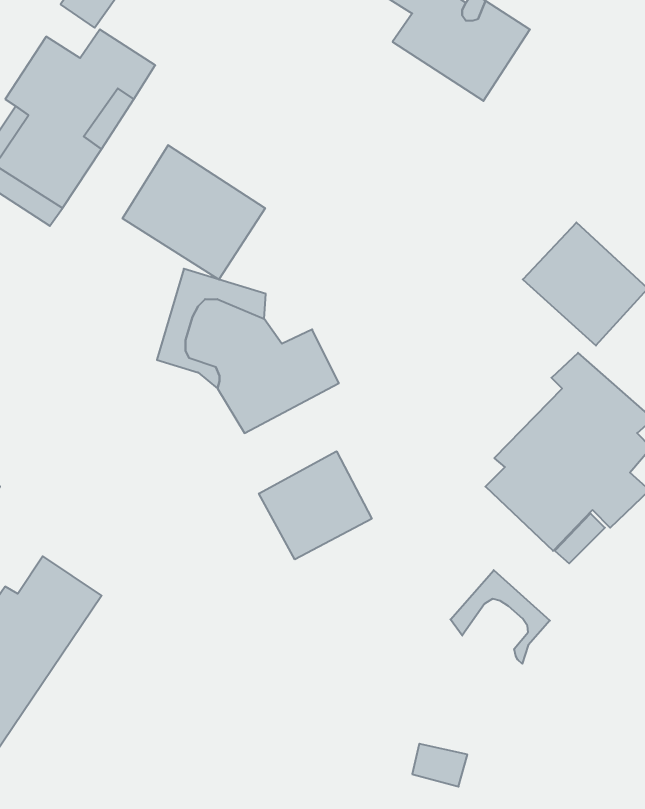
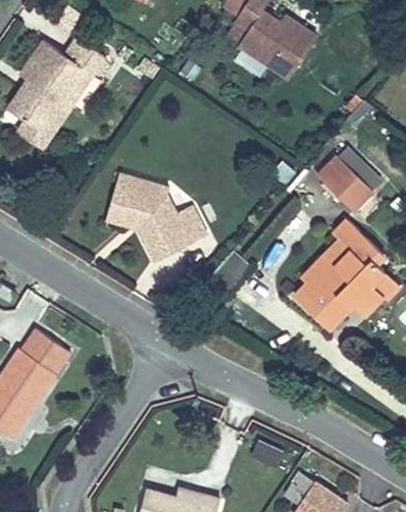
building: [123,145,265,280] -> none
building: [259,451,372,559] -> none
building: [450,570,550,664] -> none

